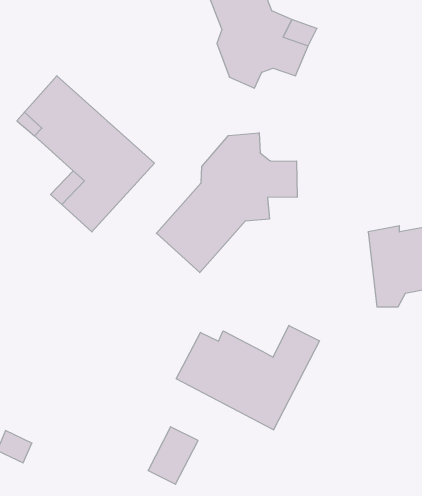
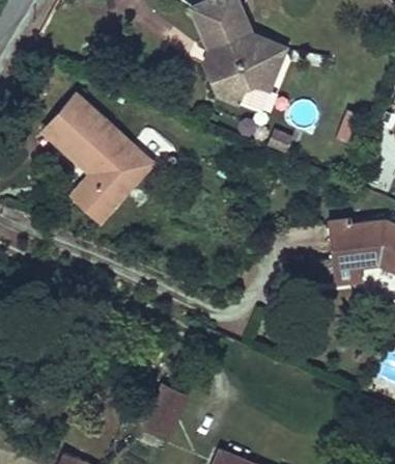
building: [156,133,297,273] -> none
building: [176,325,319,430] -> none

